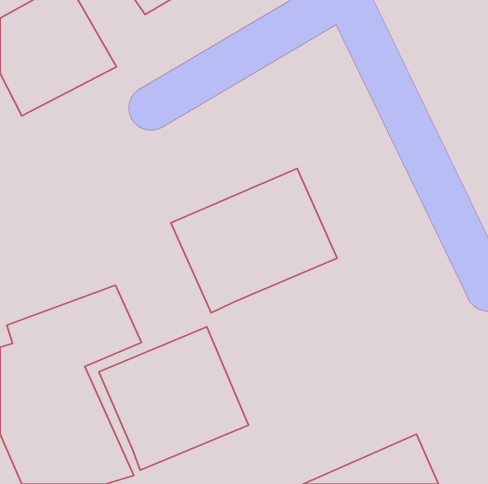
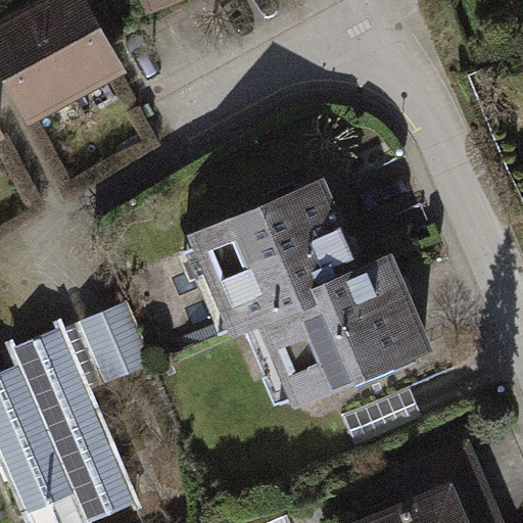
building: none -> [252,262,432,412]
building: [99,327,249,470] -> none

